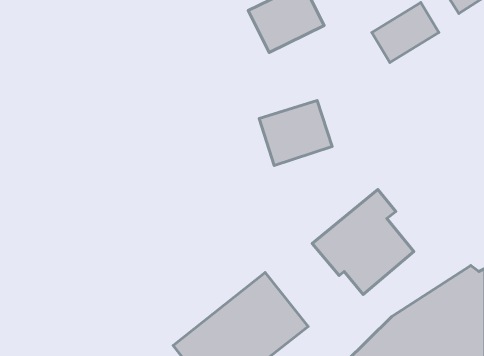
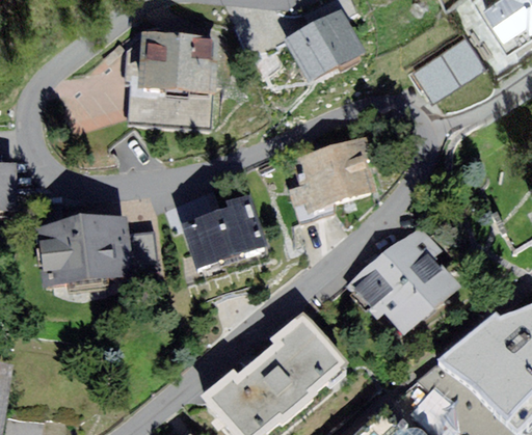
building: none -> [128,40,223,118]
building: none -> [183,200,259,262]
building: none -> [42,214,129,279]

